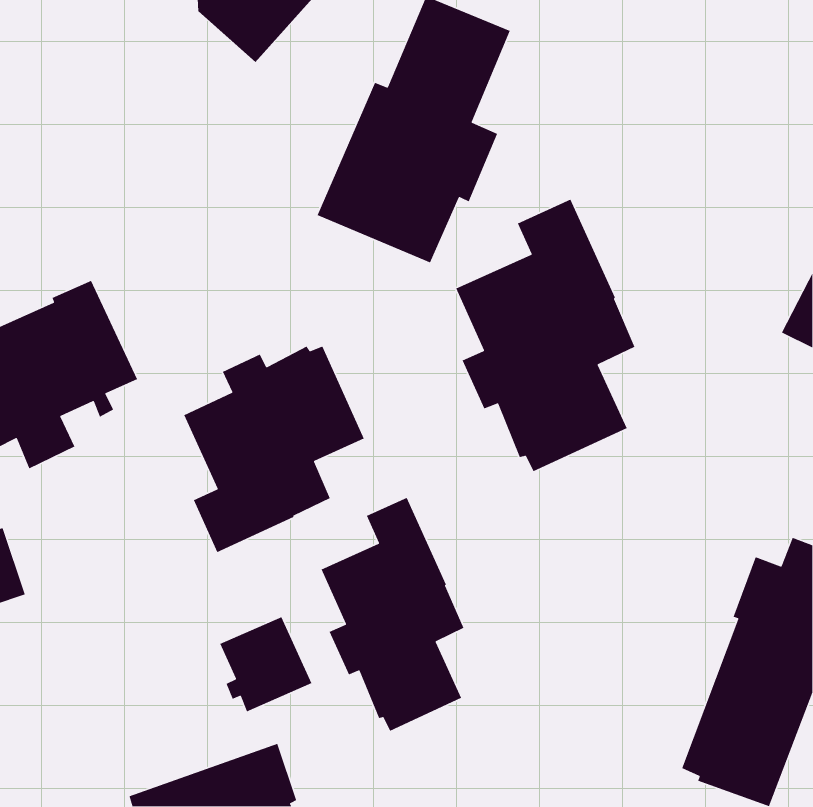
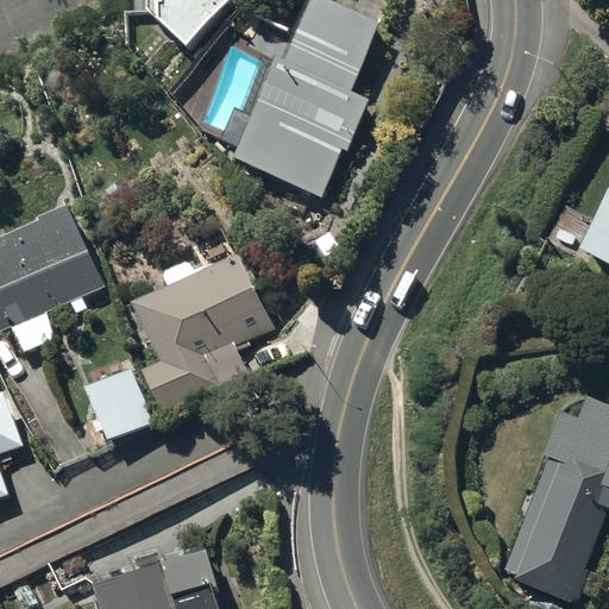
building: [455,198,636,472] -> none
building: [320,497,465,732] -> none
building: [219,616,312,713] -> [87,370,156,441]

